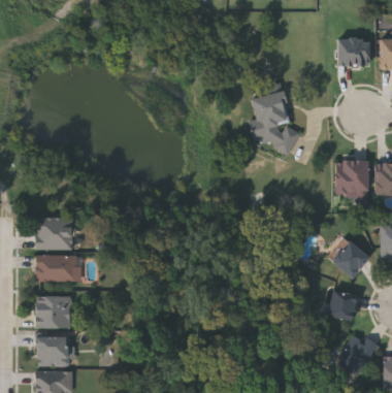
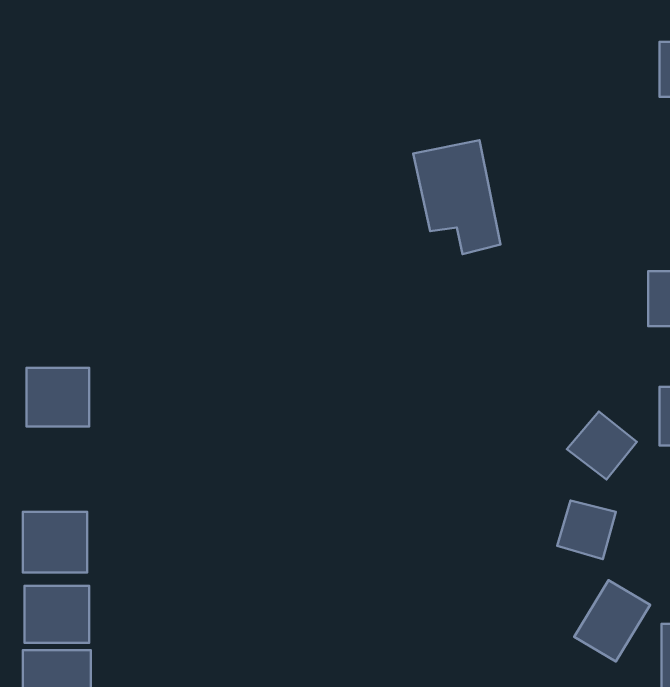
building: [337,39,369,67] -> none
building: [335,161,368,203] -> none
building: [34,255,80,281] -> none

